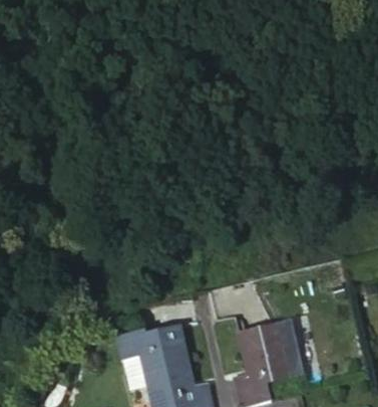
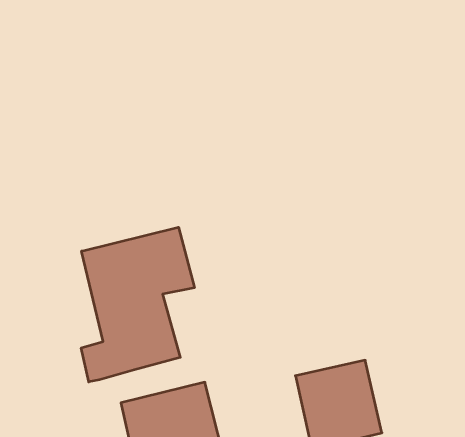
building: none -> [81,227,194,382]

